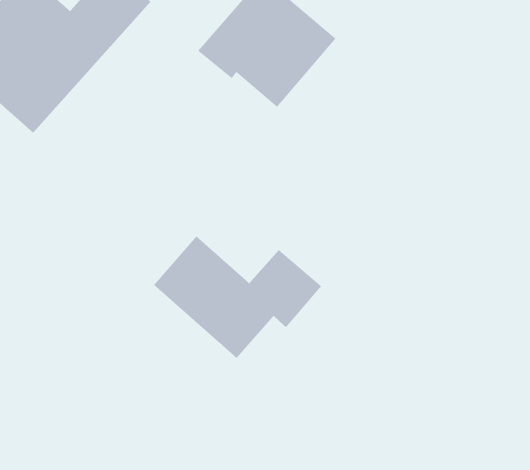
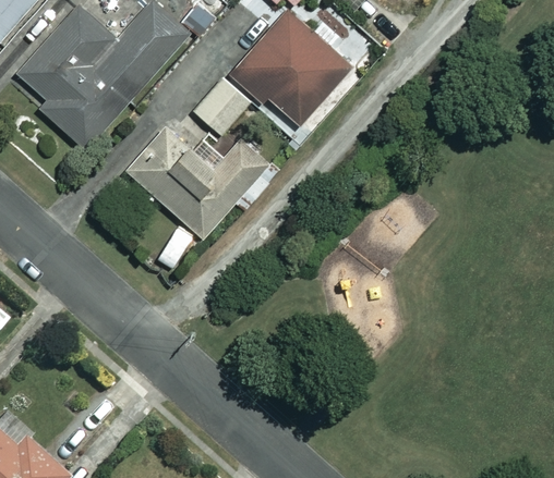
building: none -> [193,76,250,134]
building: [153,236,322,359] -> [128,126,277,235]

